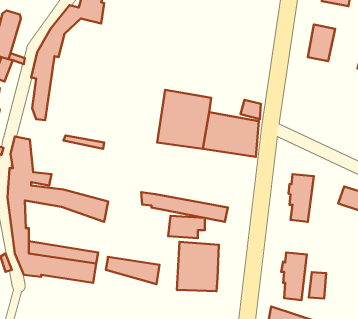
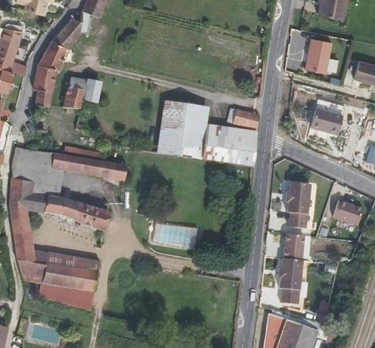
building: none -> [65,76,100,110]
building: none -> [311,110,342,136]
building: [141,192,228,222] -> [42,150,127,179]
building: [177,242,219,291] -> none
building: [106,257,160,284] -> [40,282,93,309]
building: [309,272,326,298] -> [285,233,302,259]

